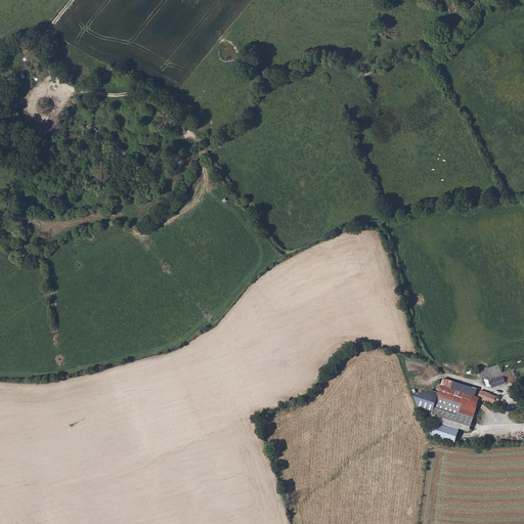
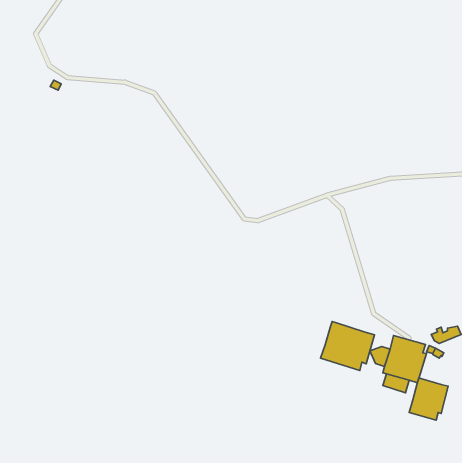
building: none -> [321,321,375,371]
building: none -> [409,378,448,420]

